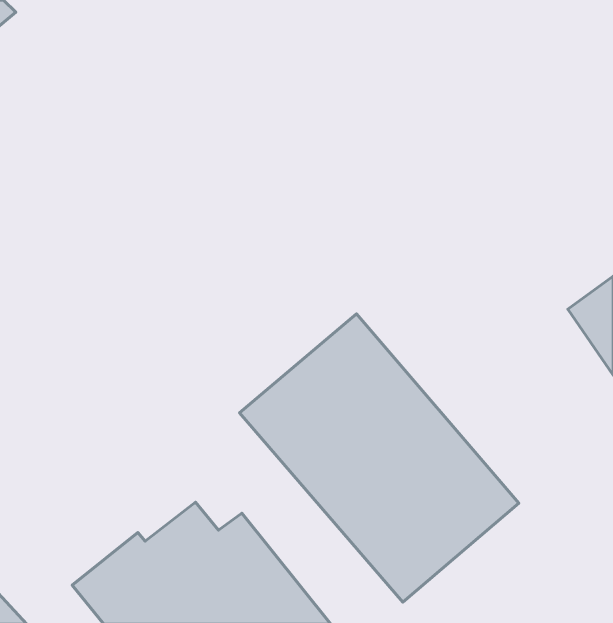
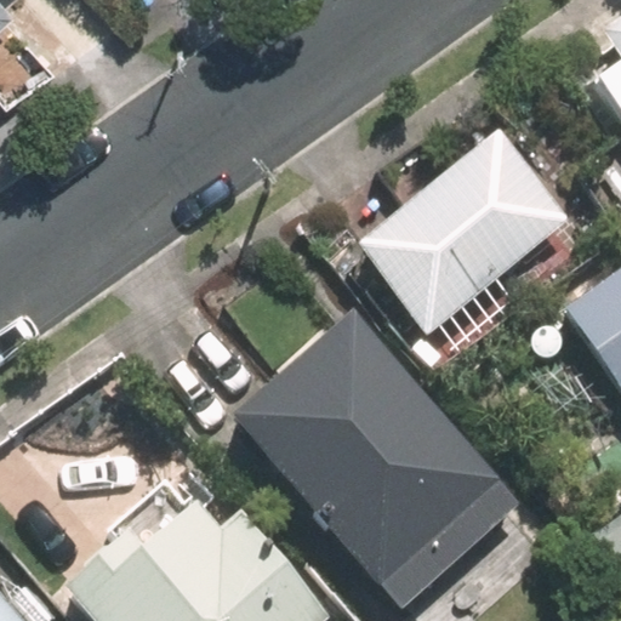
building: none -> [358,132,568,329]

